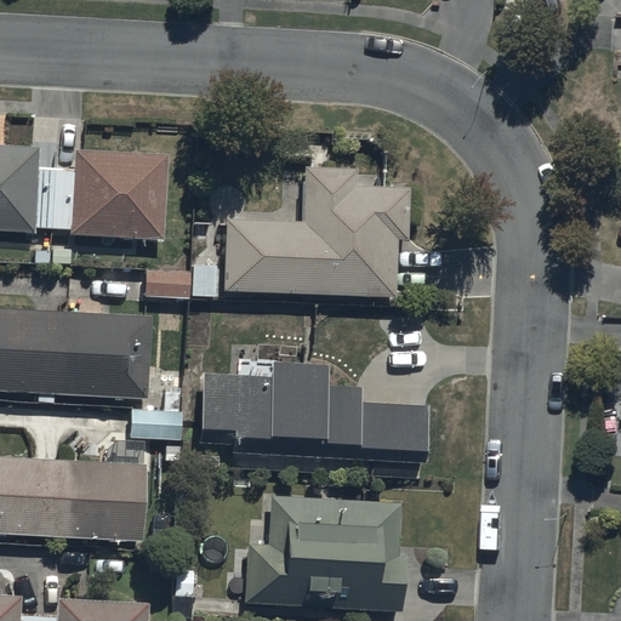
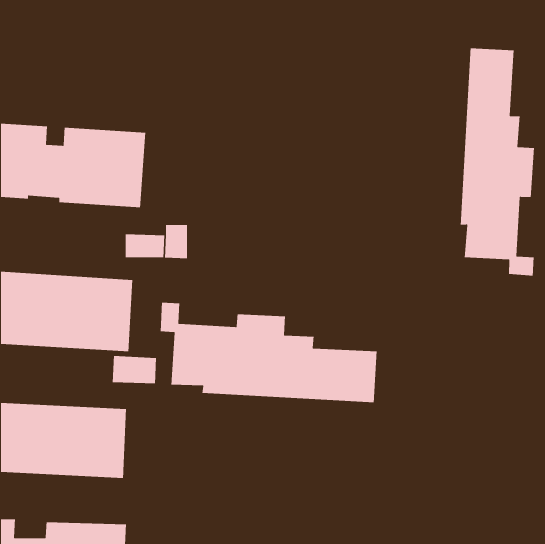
building: none -> [460,47,535,277]
building: [222,177,409,302] -> none
building: [243,495,411,615] -> none

